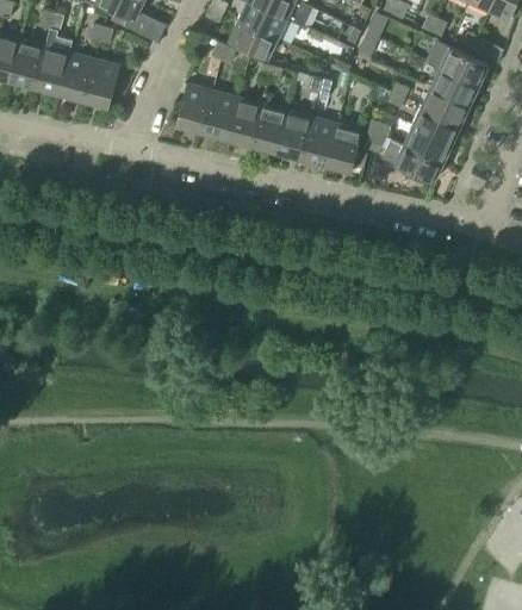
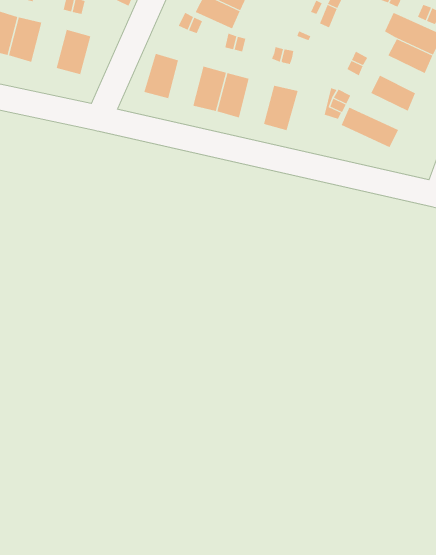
building: [58,52,94,100] -> none
building: [422,87,470,126] -> none
building: [201,92,237,139] -> none
building: [275,111,311,158] -> none
building: [325,124,367,173] -> none
building: [403,126,452,164] -> none

